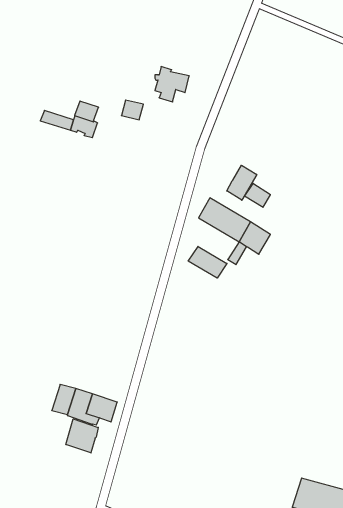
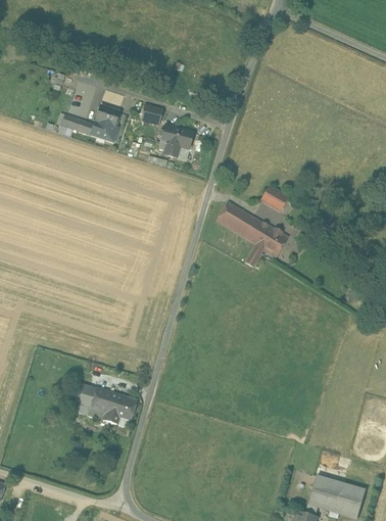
building: [155,67,189,102] -> [159,123,193,157]
building: [227,165,257,200] -> none
building: [188,246,227,278] -> none
building: [66,419,98,453] -> none

